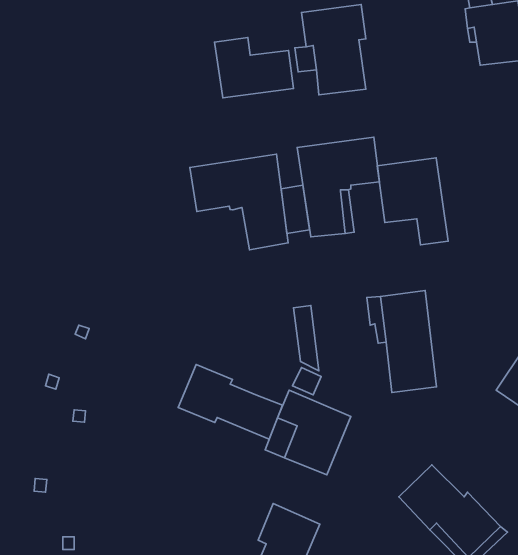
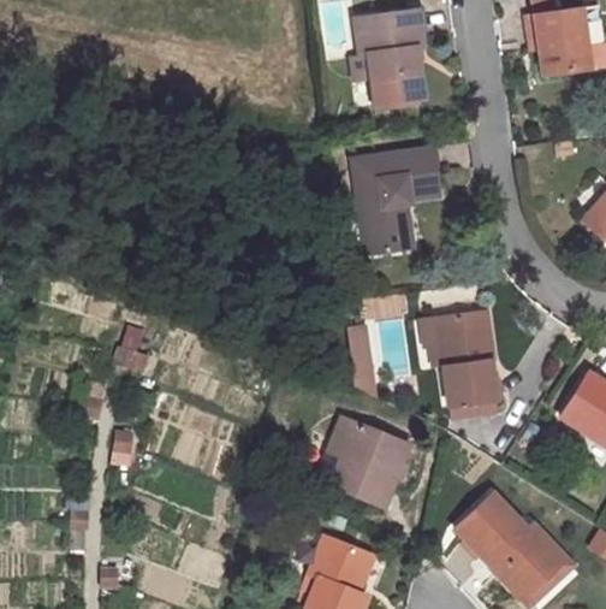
building: [215,37,293,98] -> none
building: [190,154,288,250] -> none
building: [377,158,448,245] -> none
building: [178,364,283,439] -> none

